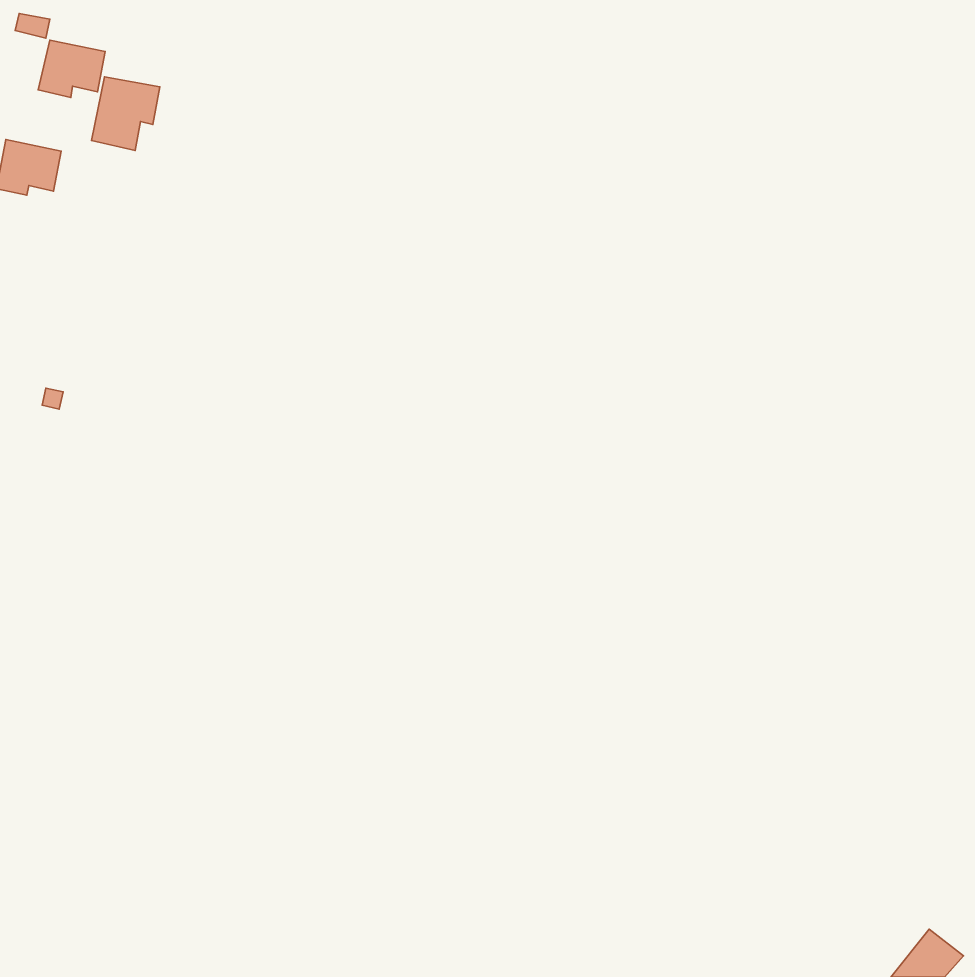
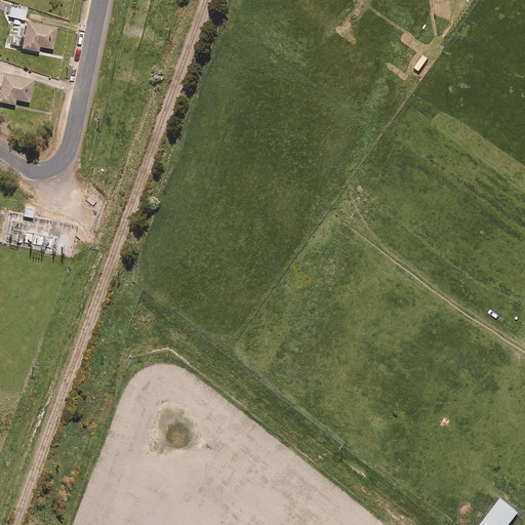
building: [91,77,160,150] -> none

